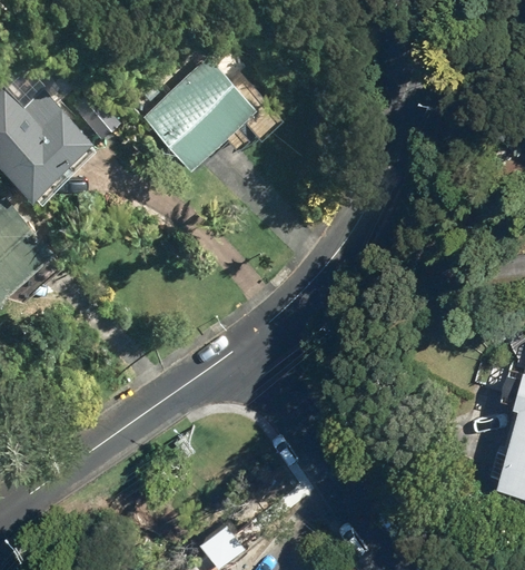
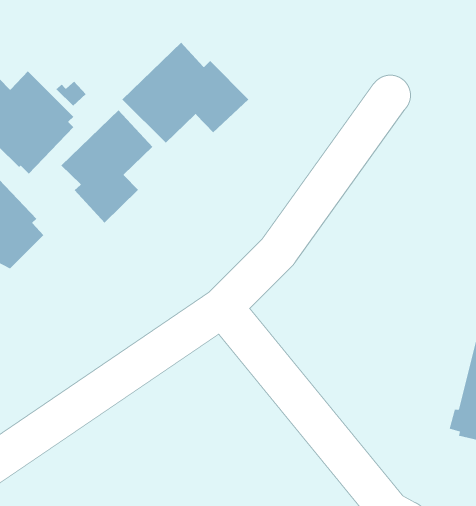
building: none -> [60,109,153,223]

